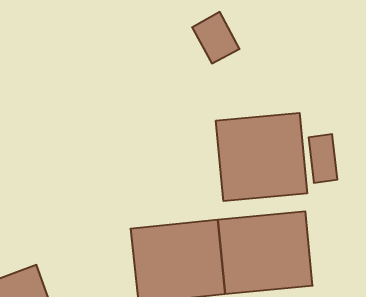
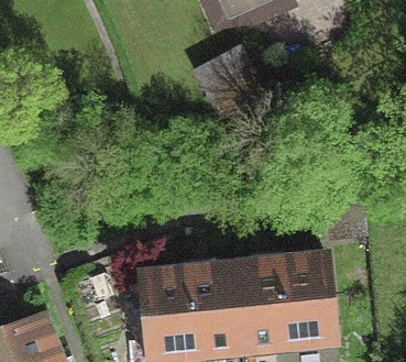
building: [216,113,307,201] -> none

